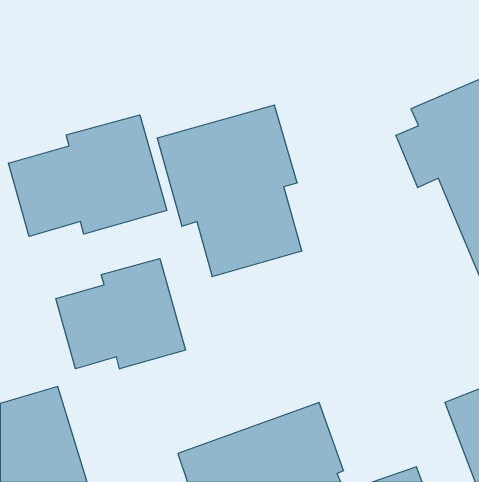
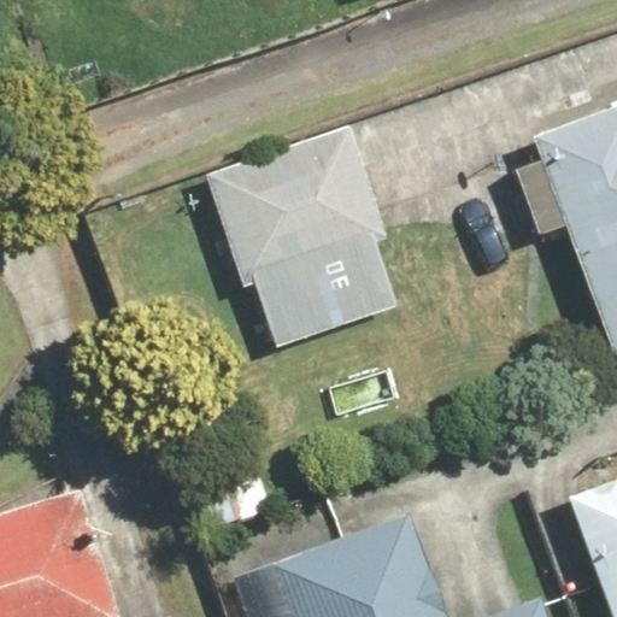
building: [8,115,167,236] -> none
building: [56,259,186,369] -> none

